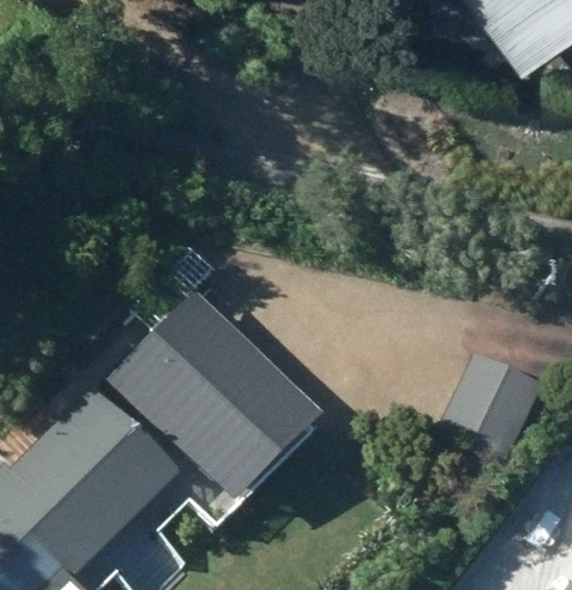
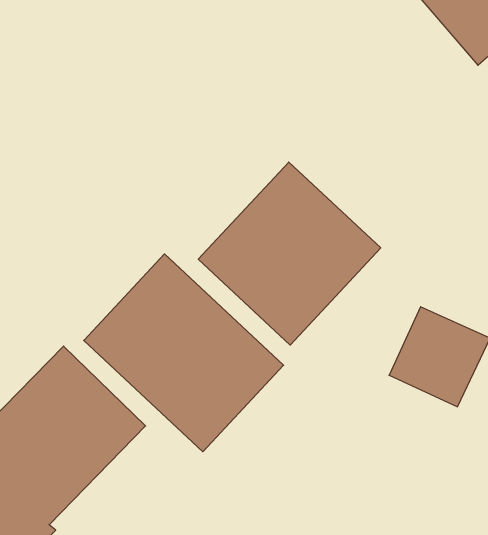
building: none -> [198,162,381,345]

